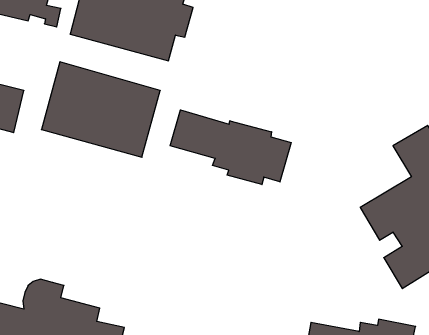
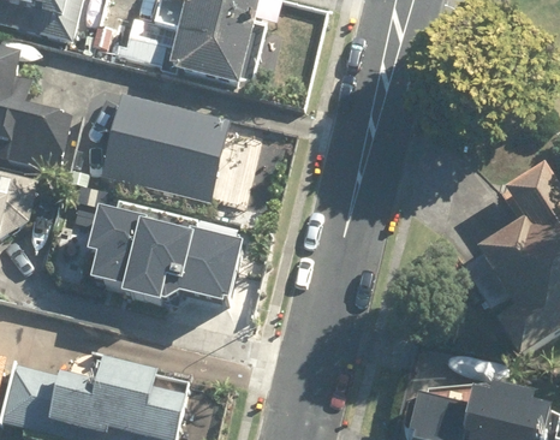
building: [170,110,291,185] -> none
building: none -> [87,206,243,313]

